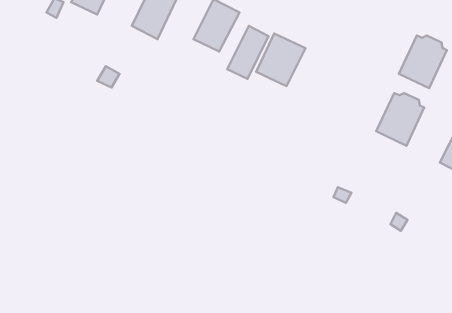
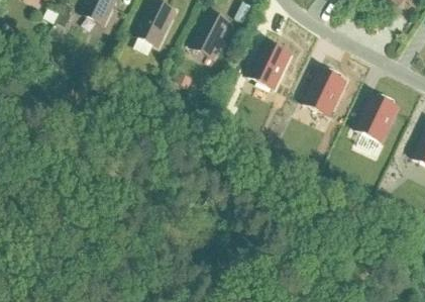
building: [227,26,268,79] -> none
building: [399,36,447,88] -> [303,69,346,116]

